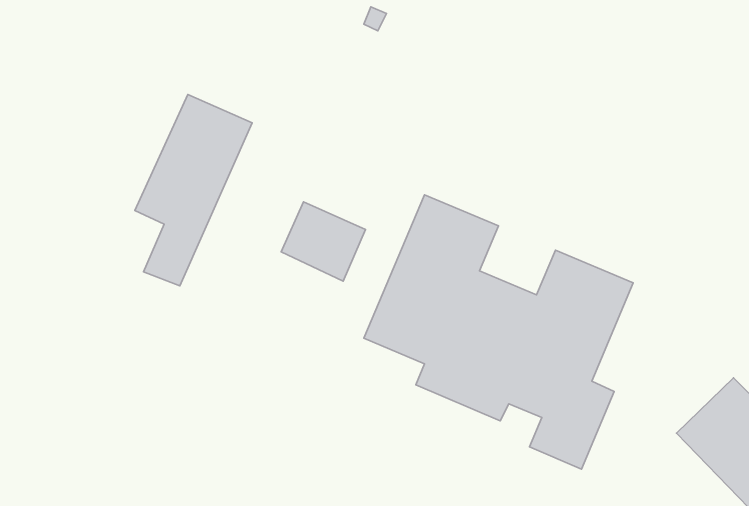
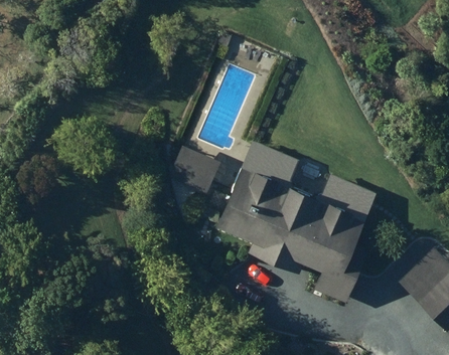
building: [135,94,252,286] -> none

